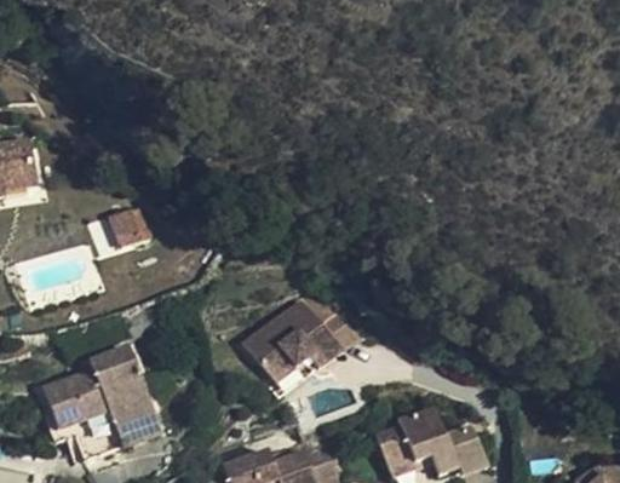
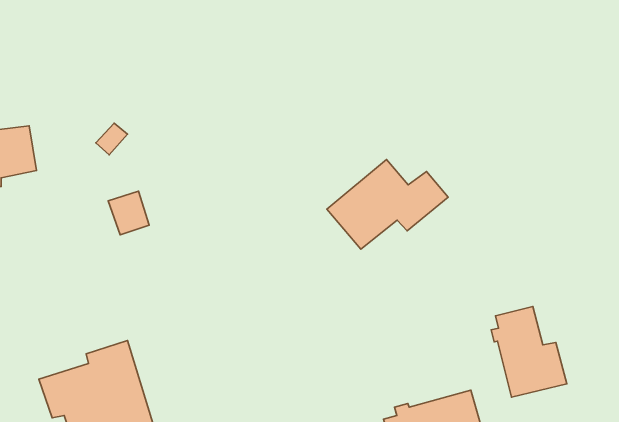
building: [239,289,360,379] -> [327,159,448,249]
building: none -> [491,307,567,397]

